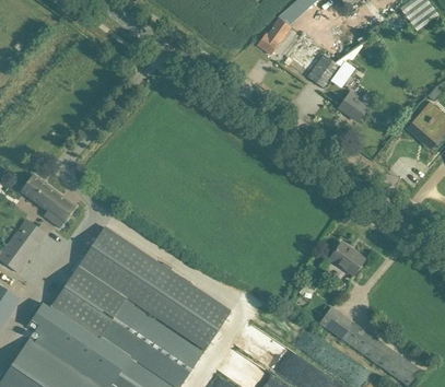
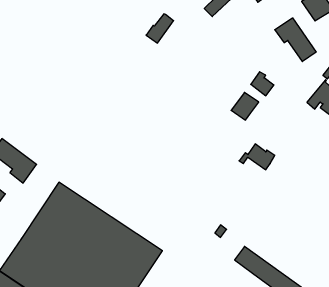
building: [257,19,291,55] -> [146,14,174,43]
building: none -> [275,18,316,62]
building: [307,55,341,89] -> [231,92,259,120]
building: [320,244,364,275] -> [239,144,275,170]

